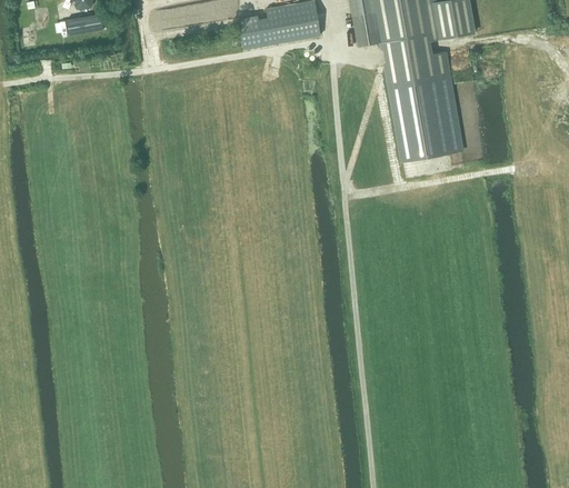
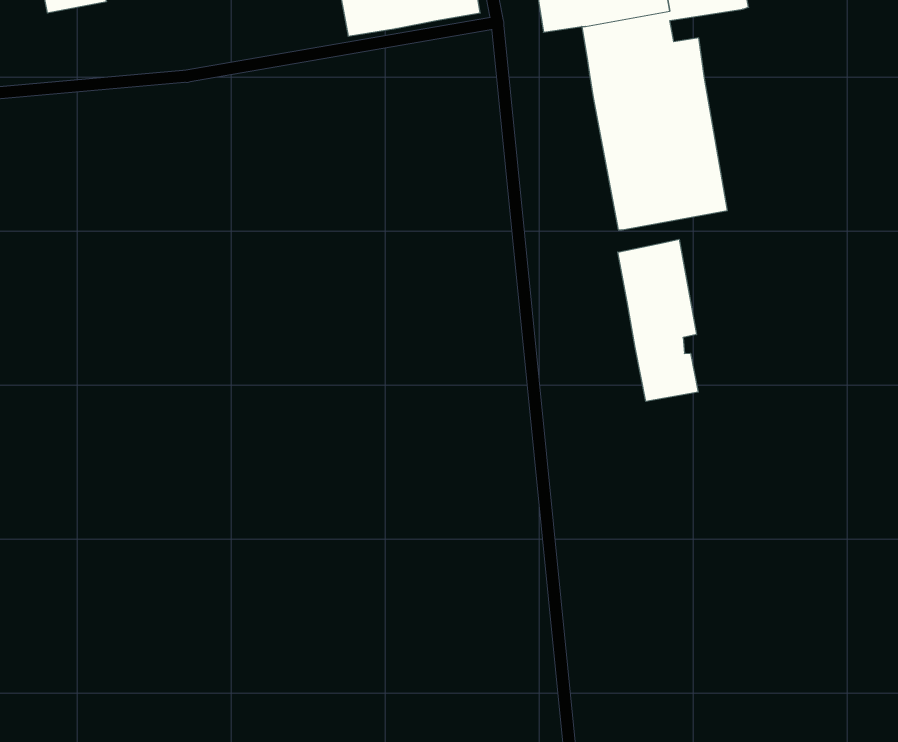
building: none -> [618,239,698,401]

